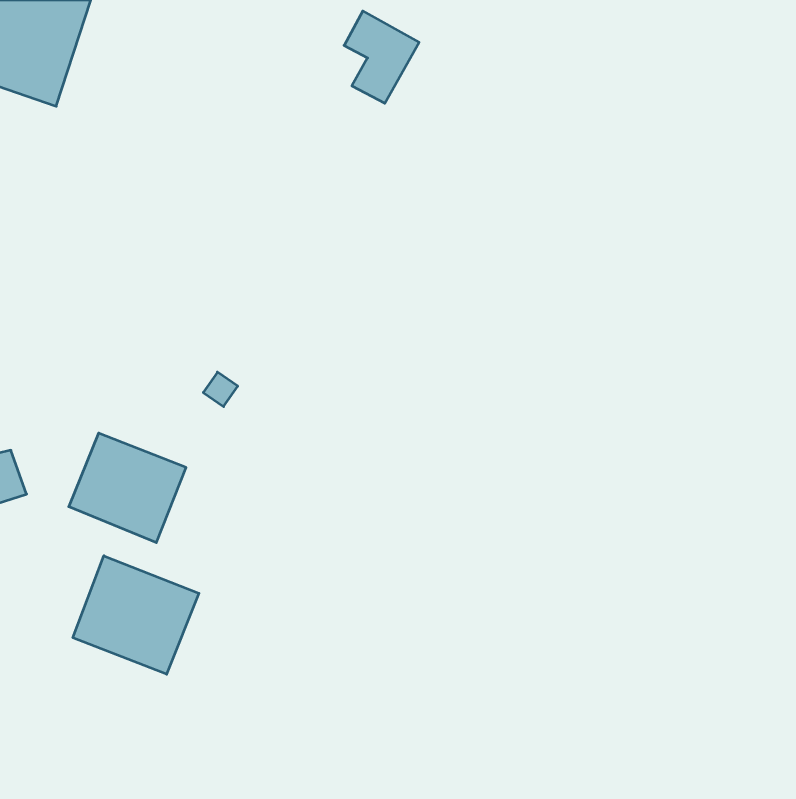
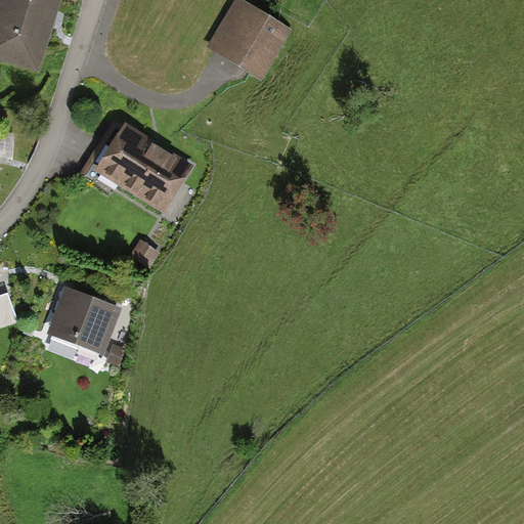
building: none -> [92,125,192,215]
building: [73,556,199,674] -> none

